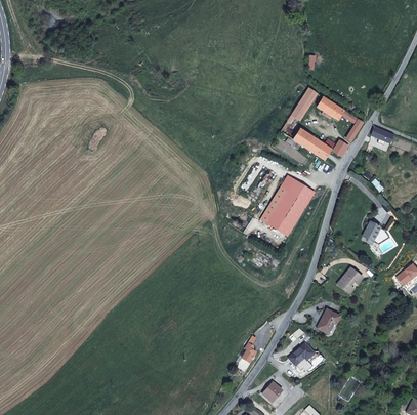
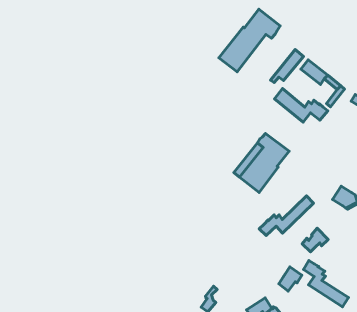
building: none -> [219,9,280,72]
building: none -> [259,196,314,236]
building: none -> [304,260,349,307]

